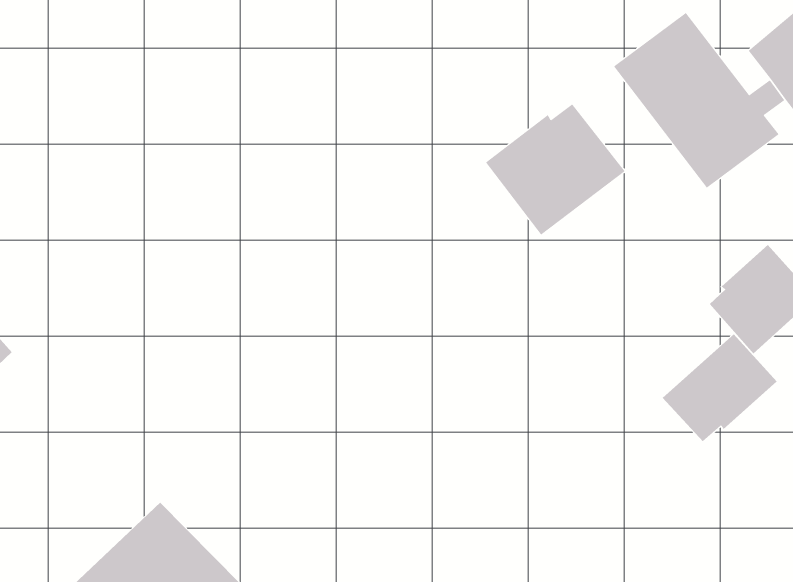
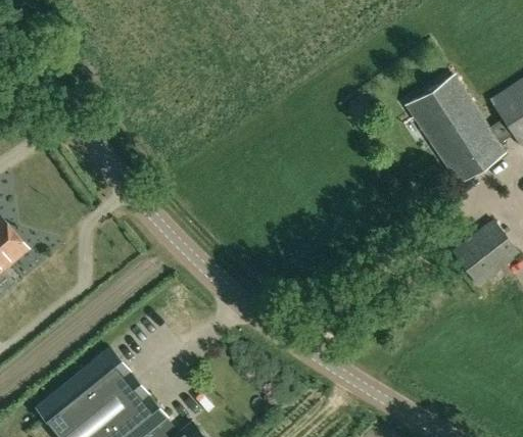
building: [485,104,625,235] -> none
building: [662,333,777,442] -> none

